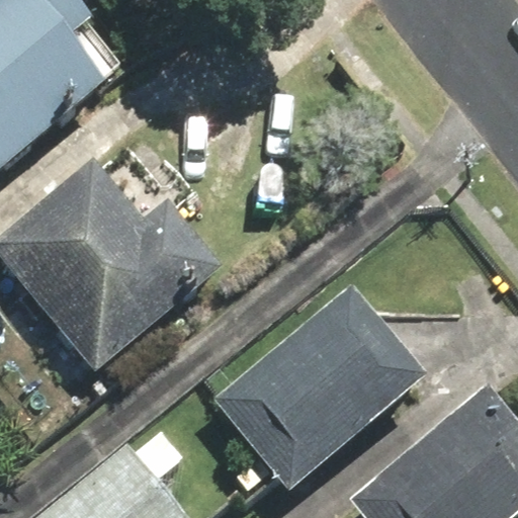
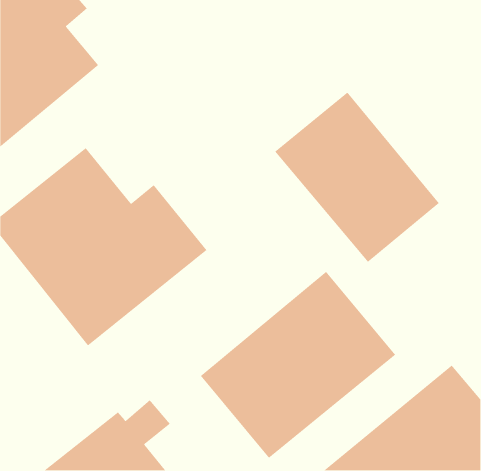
building: none -> [274,91,440,263]

